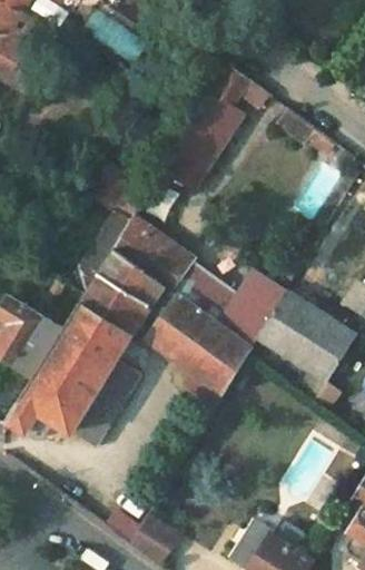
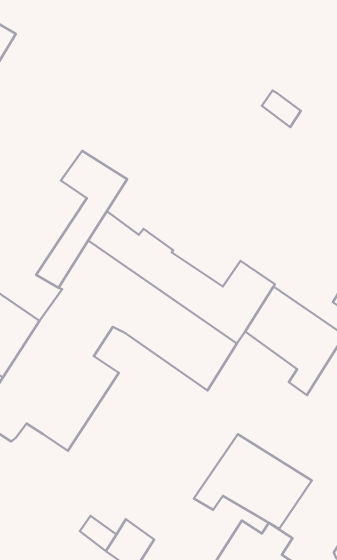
building: [165,66,269,187] -> none
building: none -> [194,434,312,529]

